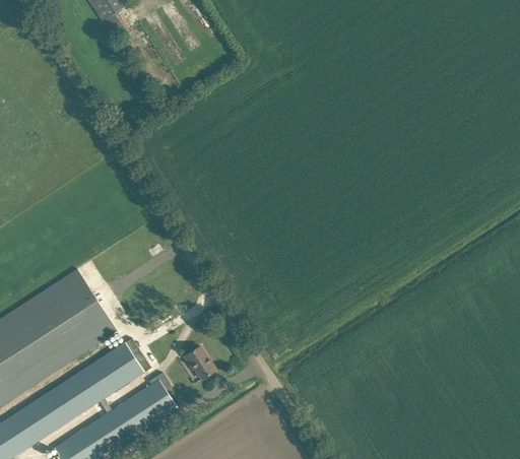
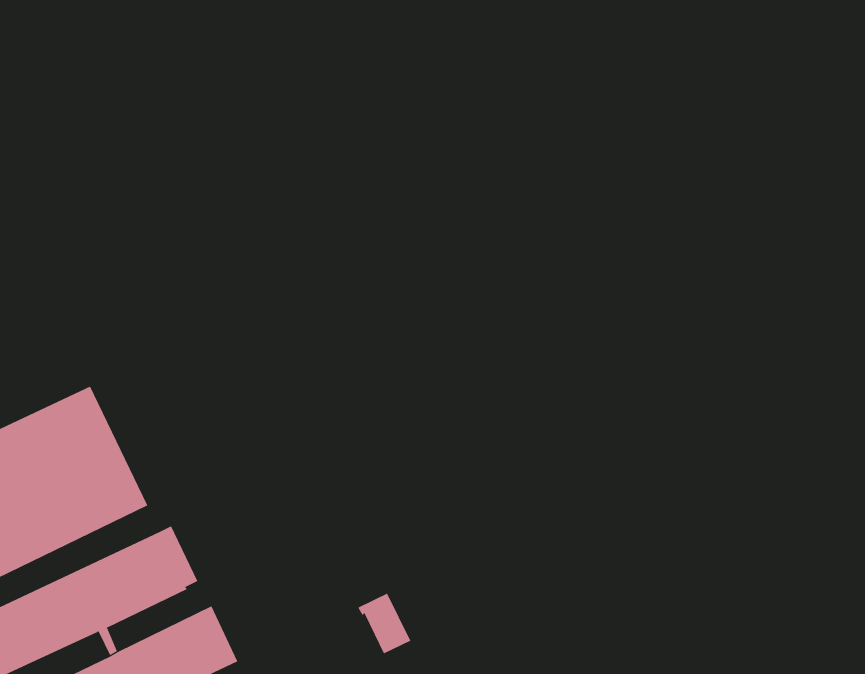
building: [183,346,214,380] -> [358,593,411,654]

